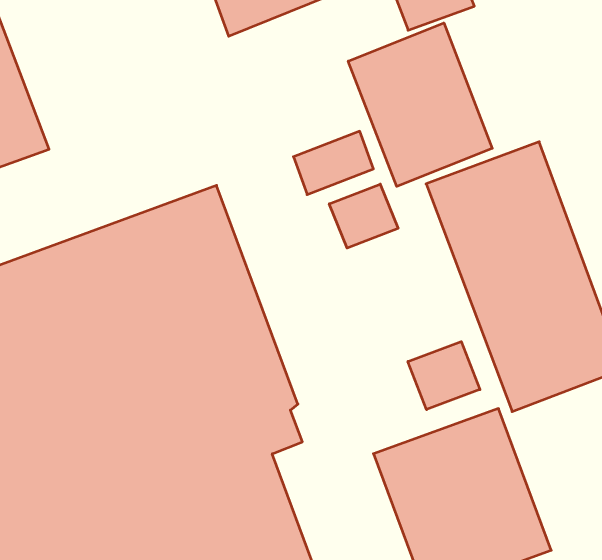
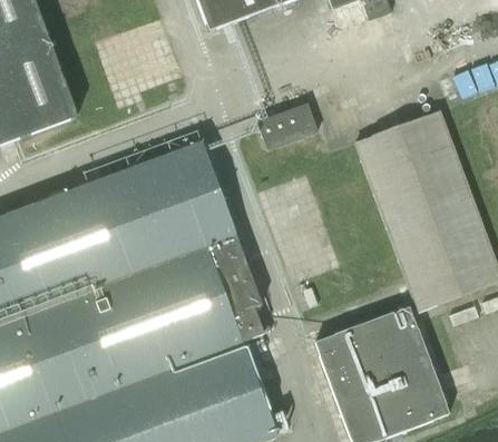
building: [348,23,492,186] -> none
building: [329,184,398,248] -> none
building: [408,342,480,410] -> none

